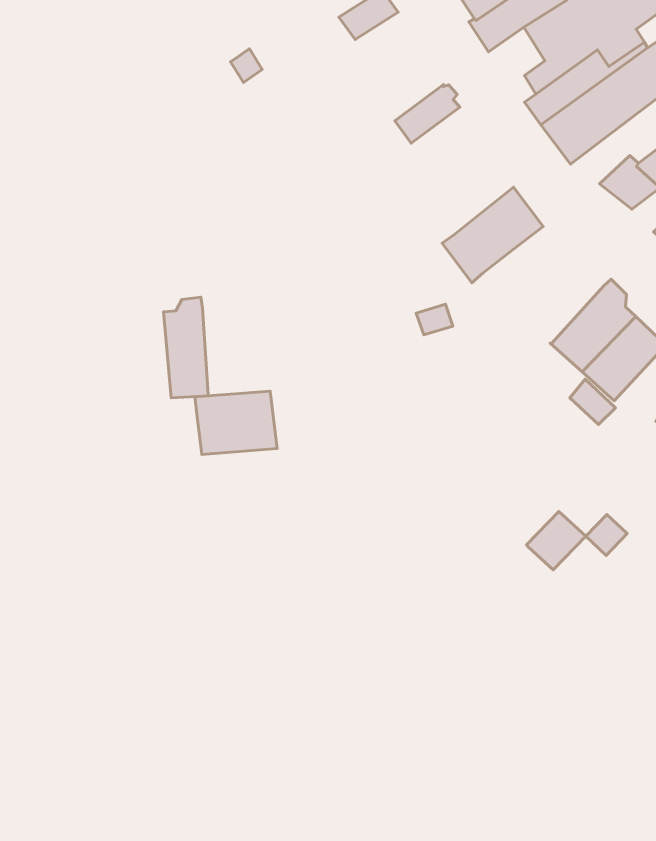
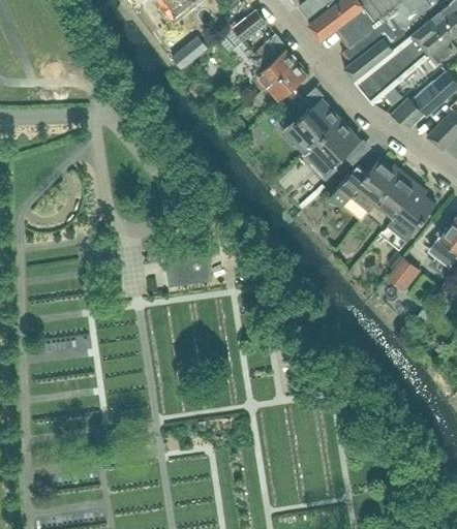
building: none -> [252,33,298,93]
building: none -> [283,98,342,155]
building: none -> [331,159,398,220]
building: [164,297,209,398] -> none
building: [526,511,586,570] -> [388,257,422,291]

